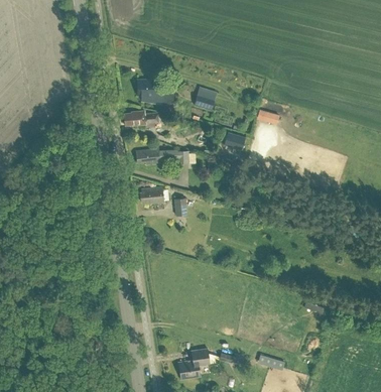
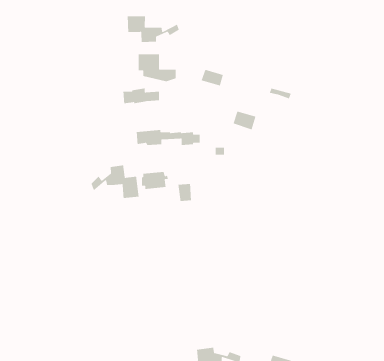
building: none -> [127,15,180,43]
building: none -> [91,165,140,199]

